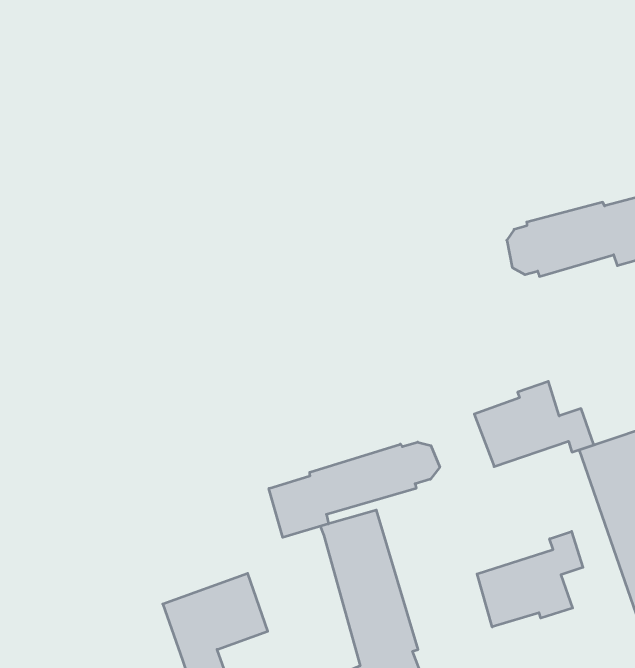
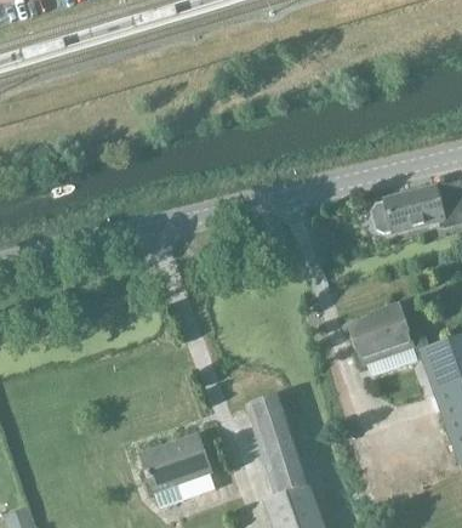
building: [269,442,440,537] -> none
building: [477,531,583,627] -> none

